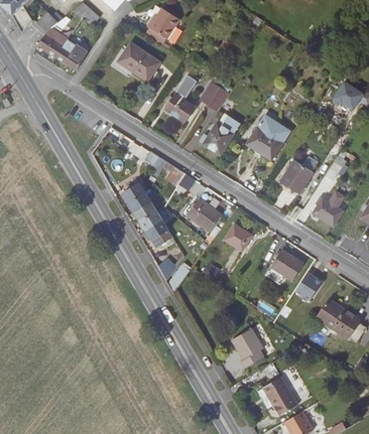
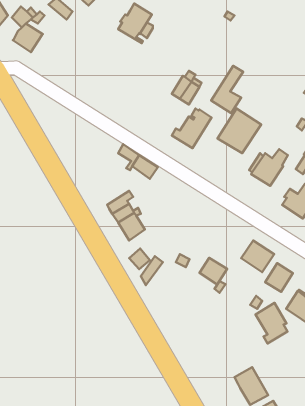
building: [56,39,88,69] -> none
building: [111,42,160,81] -> none
building: [165,74,198,122] -> [211,66,243,113]
building: [122,182,156,211] -> none
building: [186,196,222,231] -> none
building: [224,224,252,251] -> [199,258,227,285]
building: [232,327,264,369] -> [256,303,287,343]

